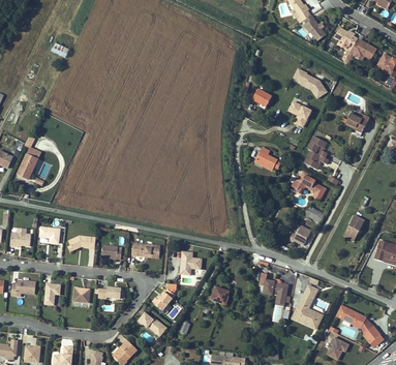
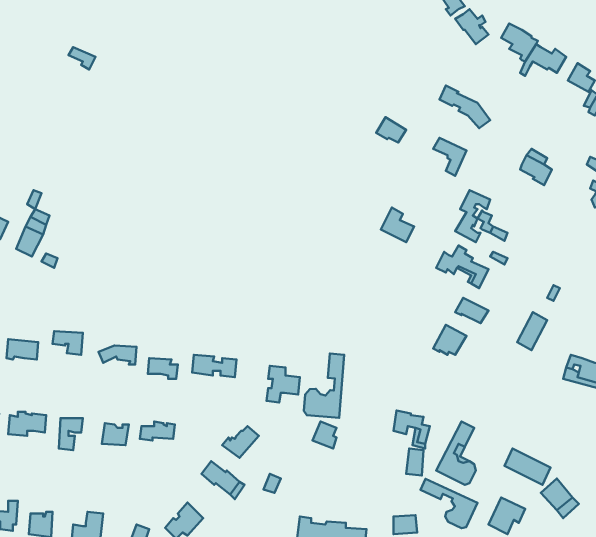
building: none -> [304,354,344,418]
building: none -> [420,479,478,528]

